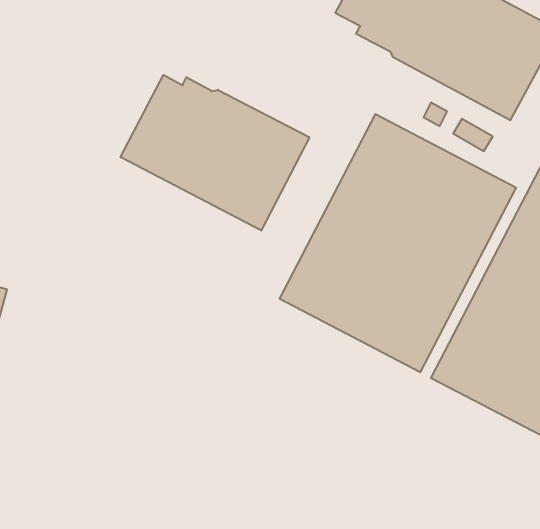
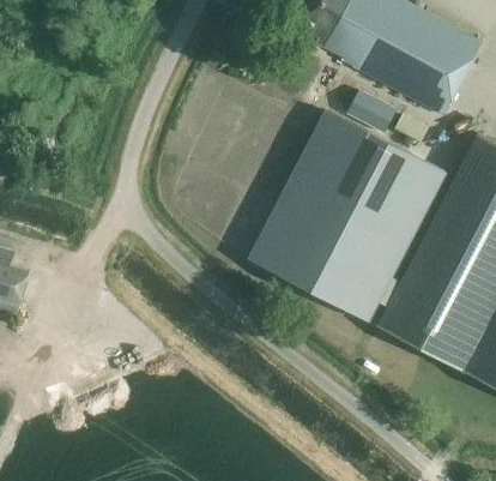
building: [121,75,309,231] -> none

